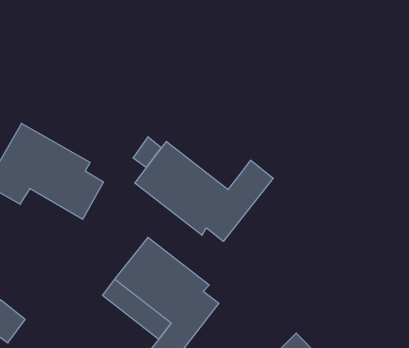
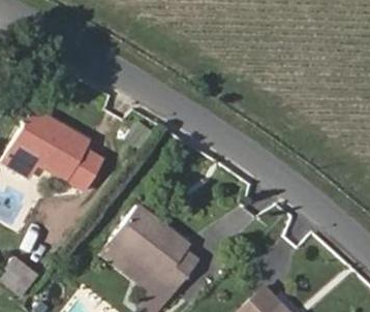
building: [135,141,273,241] -> none

